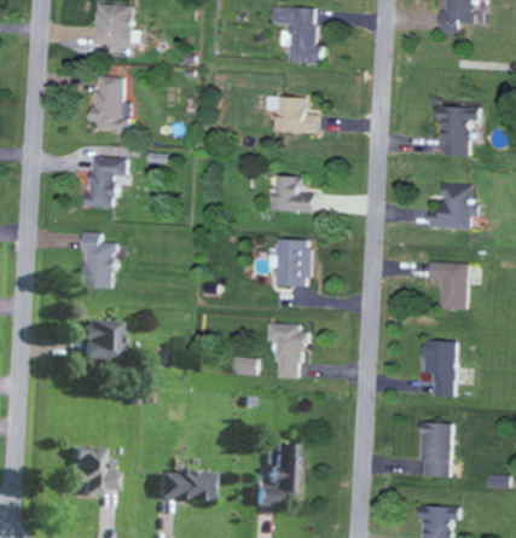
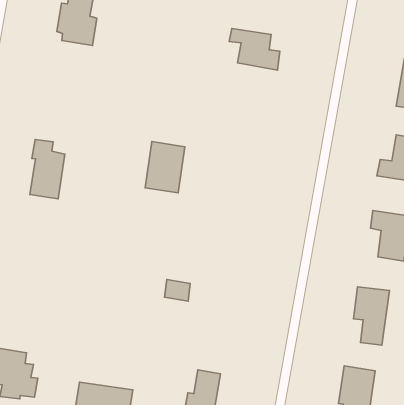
building: [85,157,127,207] -> none
building: [273,175,315,212] -> none
building: [276,238,311,287] -> [145,142,185,193]
building: [80,319,117,360] -> none
building: [267,323,303,378] -> none

